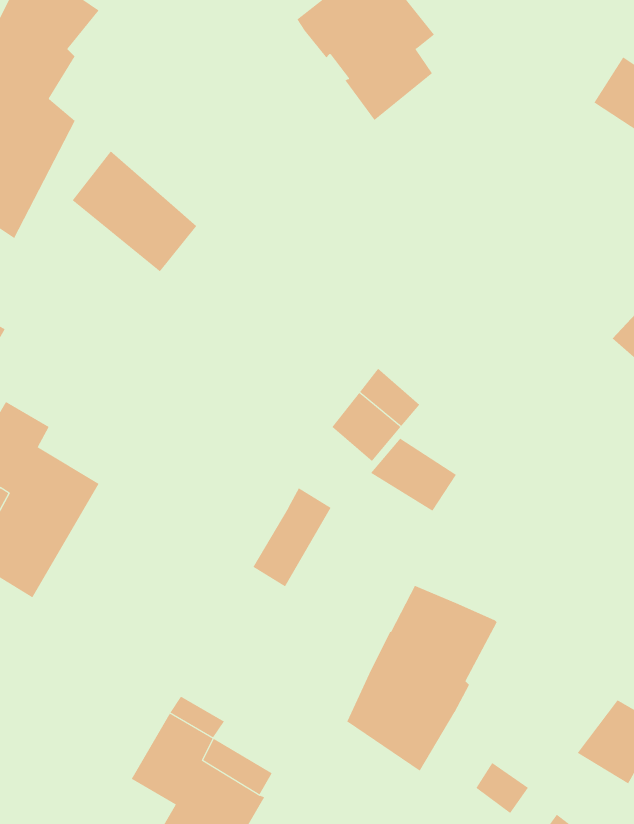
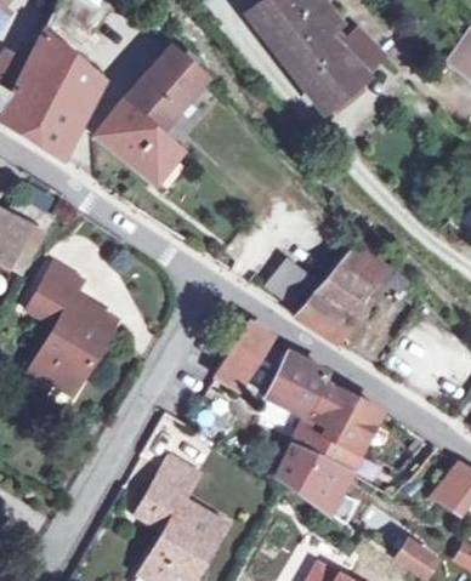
building: none -> [296,33,379,109]
building: none -> [123,47,205,133]
building: none -> [313,237,385,314]
building: none -> [267,355,328,417]

